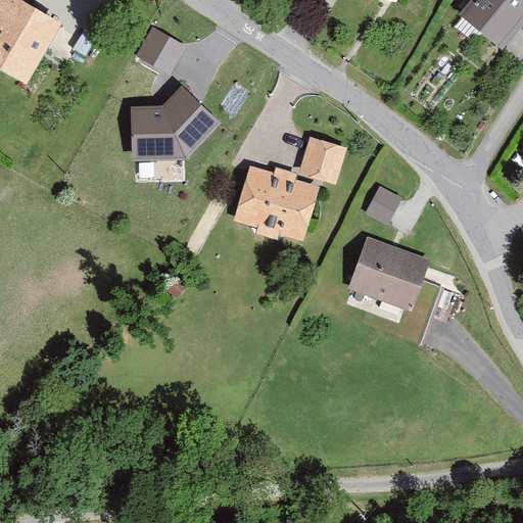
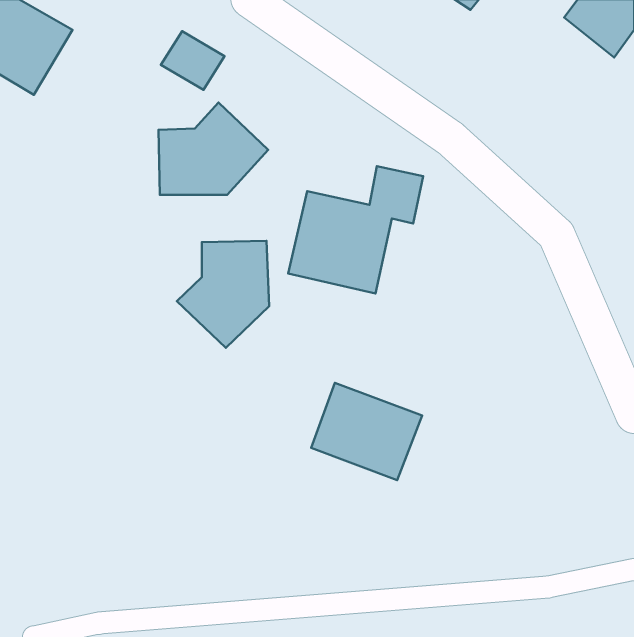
building: [366,182,402,222] -> none
building: none -> [177,241,269,348]
building: [337,237,428,317] -> [311,383,422,480]

